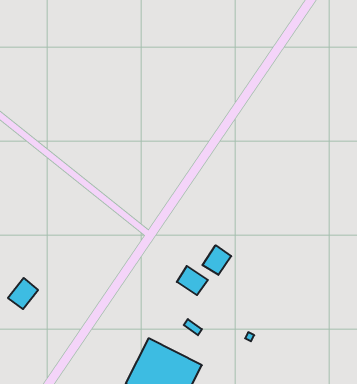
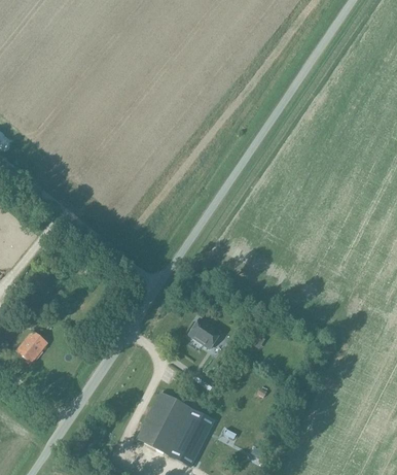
building: [202,245,231,275] -> none

